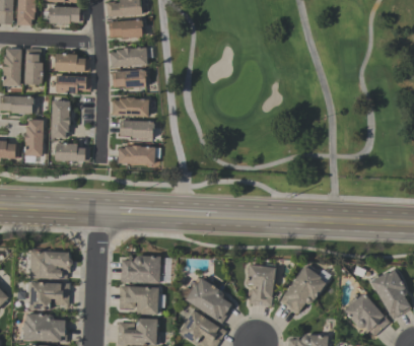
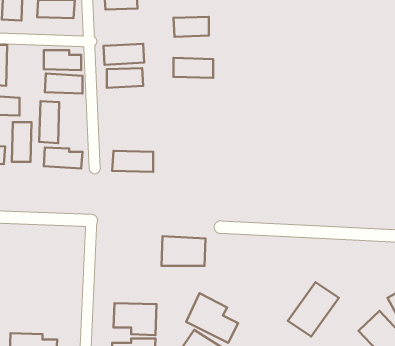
building: [110,19,142,38] -> [173,17,209,37]
building: [24,48,43,83] -> none
building: [112,97,148,116] -> [173,58,213,78]
building: [120,120,153,138] -> none
building: [29,250,69,278] -> none
building: [120,255,160,282] -> [161,236,206,266]
building: [247,264,275,305] -> none
building: [29,282,69,306] -> none

